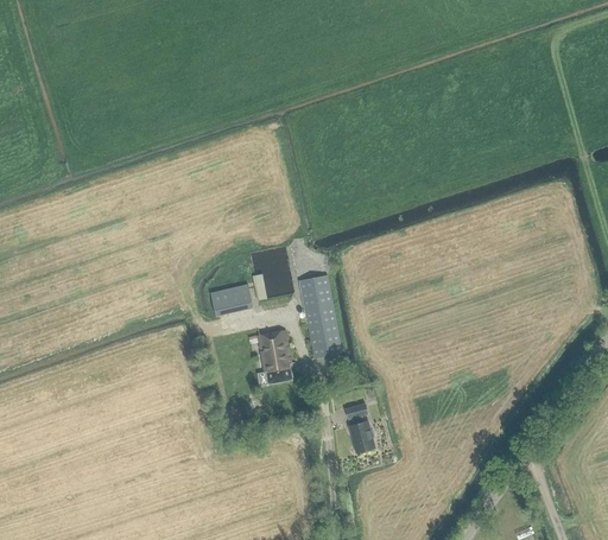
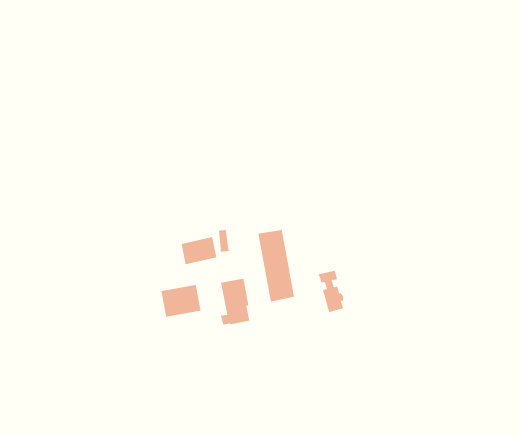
building: none -> [161,284,201,317]
building: [344,402,374,451] -> [318,270,344,313]

